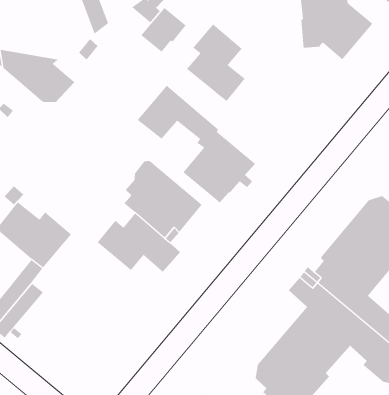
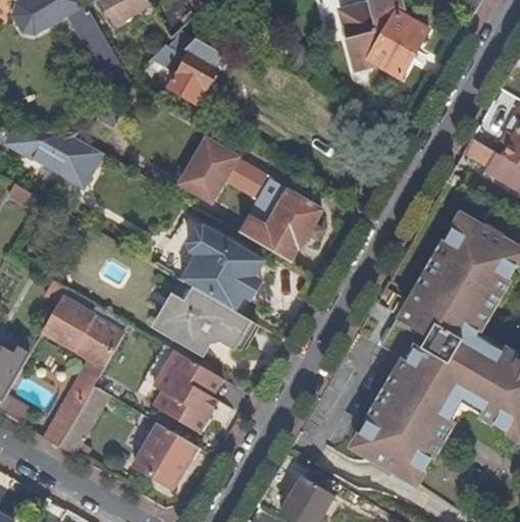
building: [186,24,245,102] -> none
building: none -> [153,350,221,431]
building: none -> [135,423,197,488]

